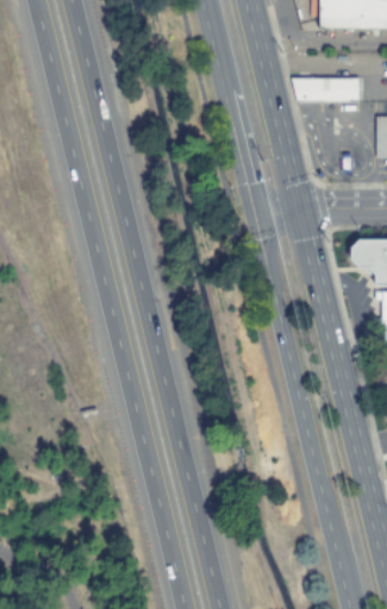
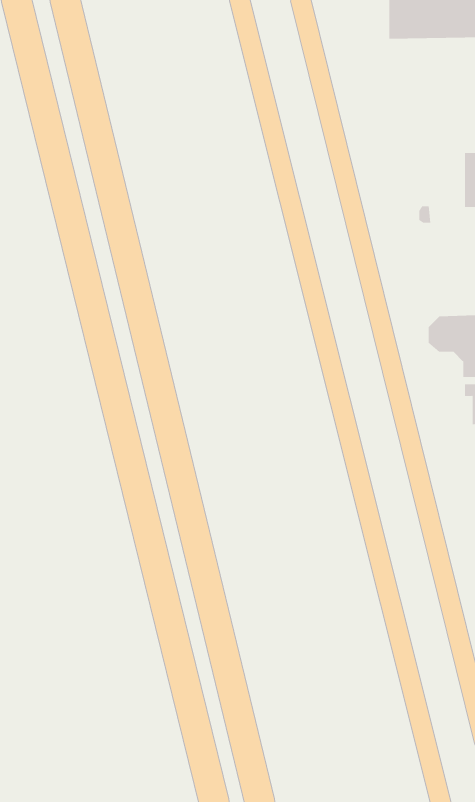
building: [291,76,360,101] -> none

